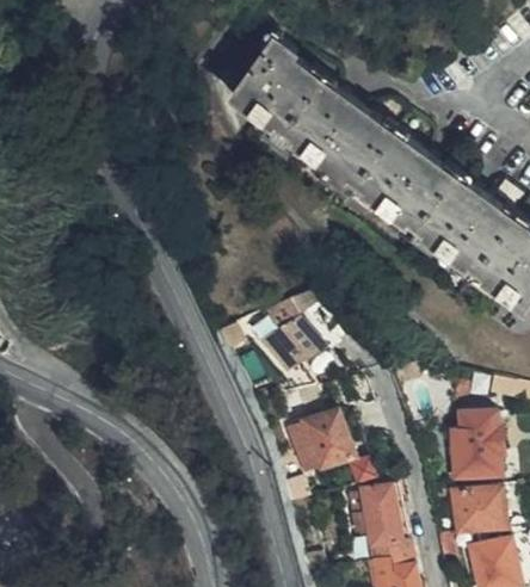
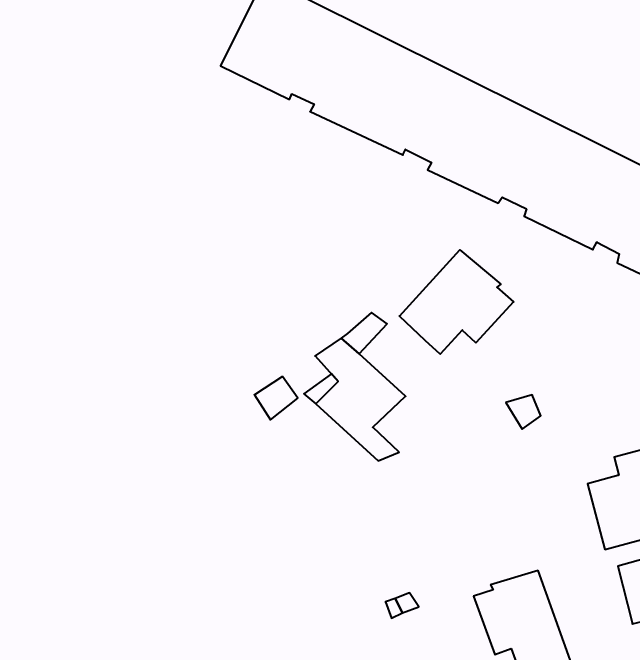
building: none -> [399,250,514,354]
building: [290,413,352,472] -> none

